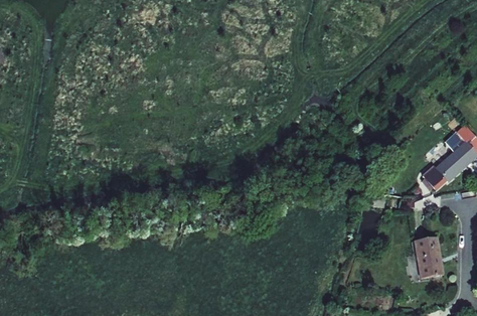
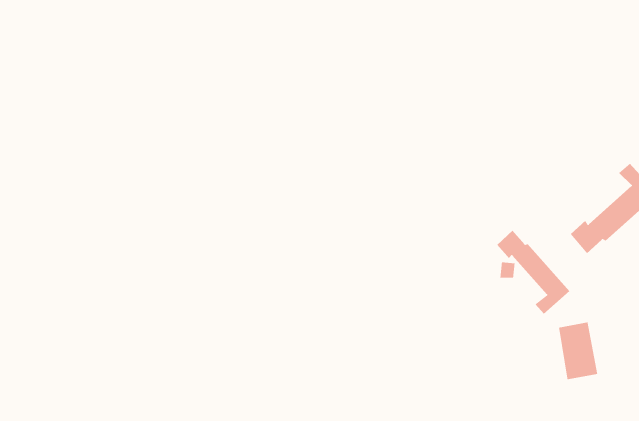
building: none -> [497,230,570,314]

